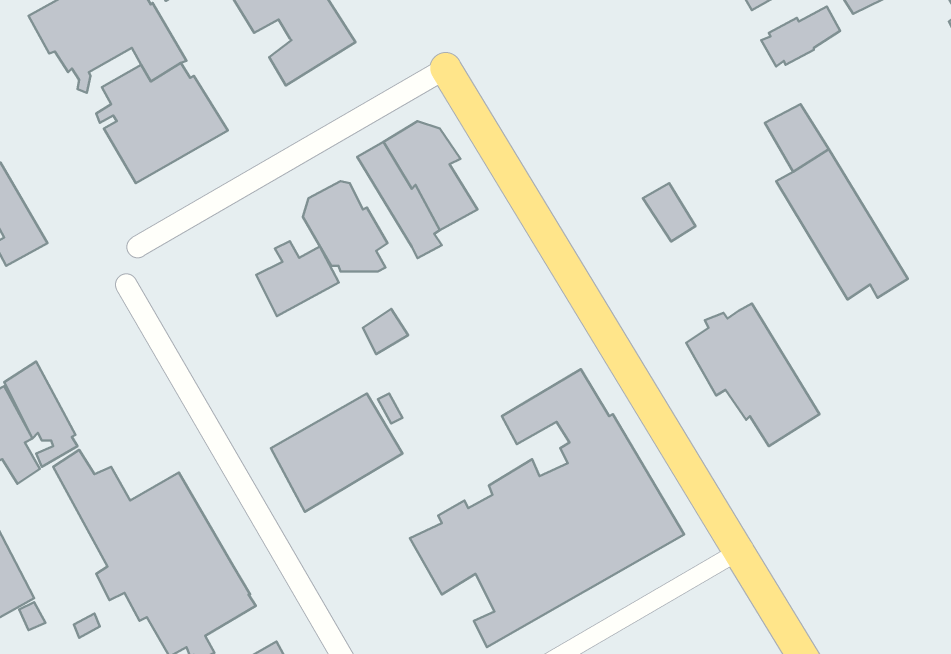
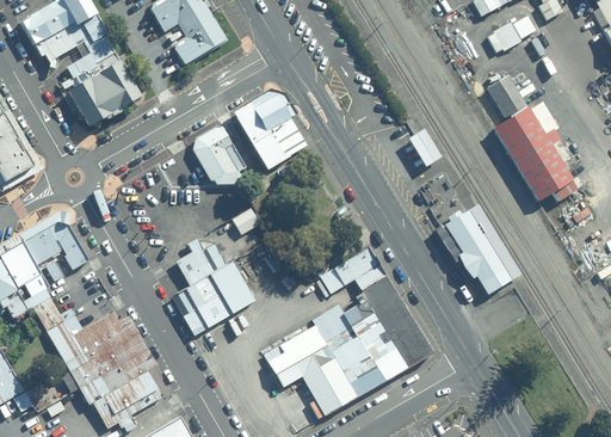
building: [256,241,339,316] -> [175,239,228,287]
building: none -> [21,210,91,282]

